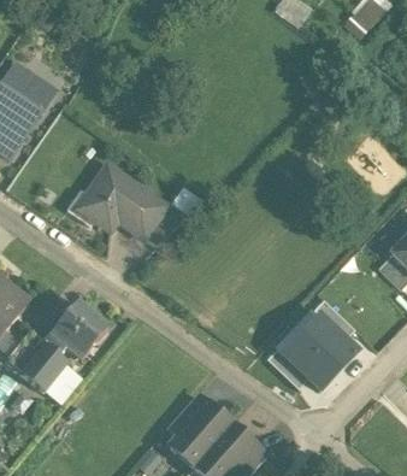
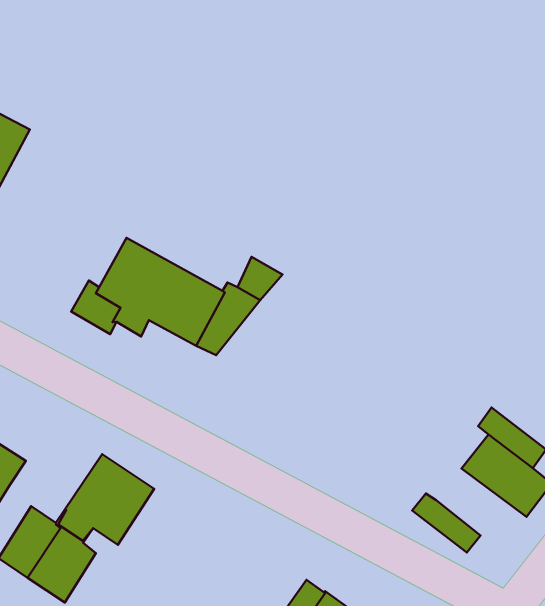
building: [282,335,337,389] -> none

